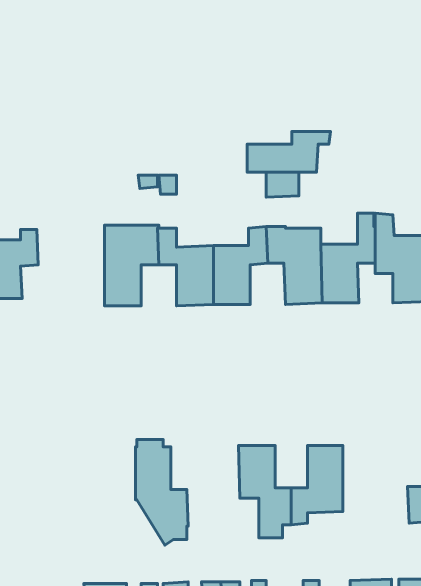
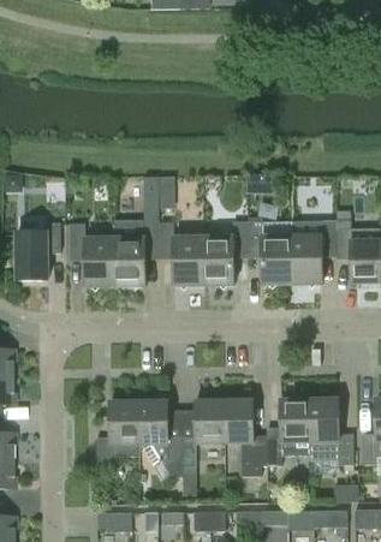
building: [247,132,330,172] -> none
building: none -> [70,224,114,287]
building: none -> [309,399,352,464]
building: none -> [181,400,225,466]
building: none -> [97,401,139,466]

